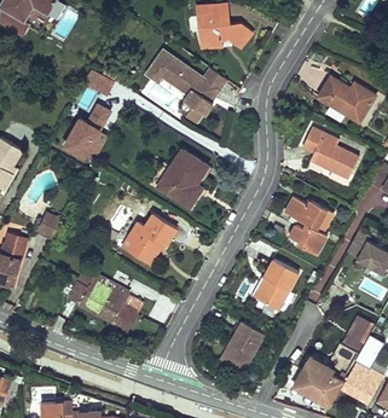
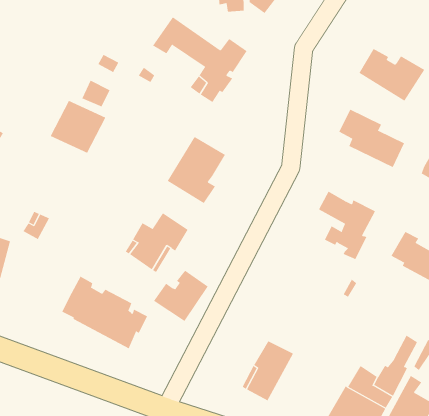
building: [254,260,297,310] -> none
building: none -> [153,270,209,322]

